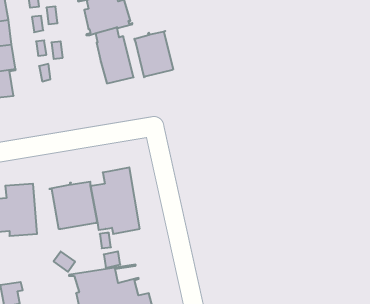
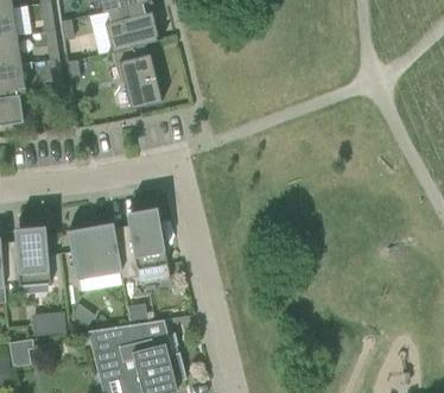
building: [134,31,173,77] -> none
building: none -> [31,312,65,336]

